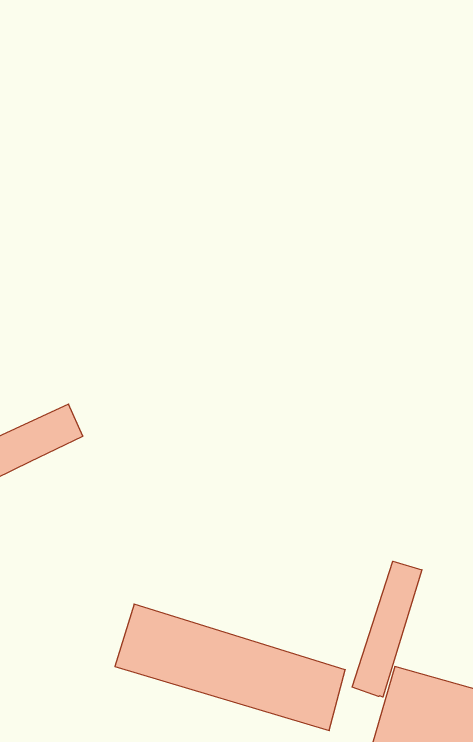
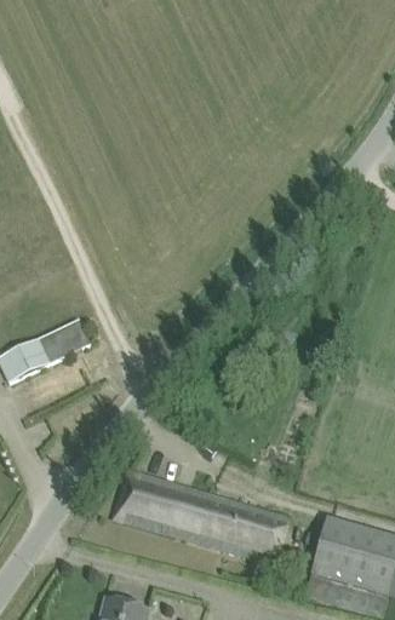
building: [352,561,422,697] -> none

